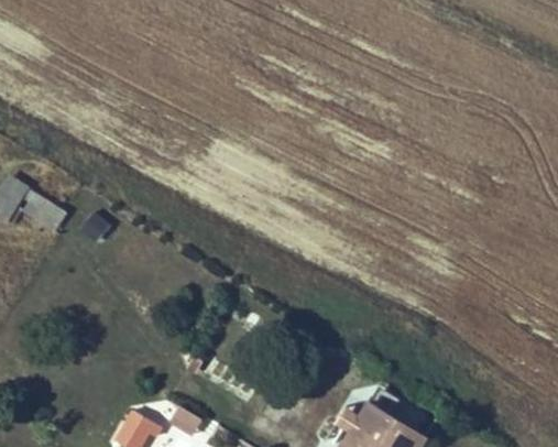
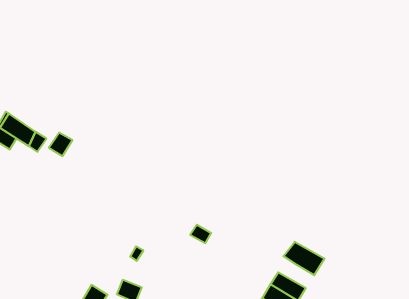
building: none -> [283,242,324,275]

